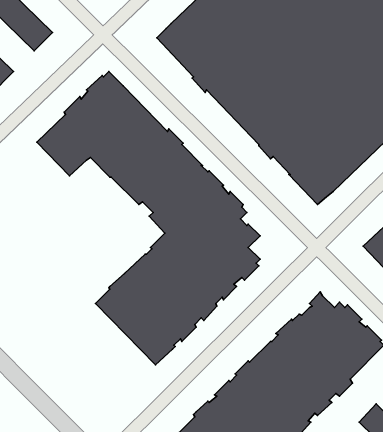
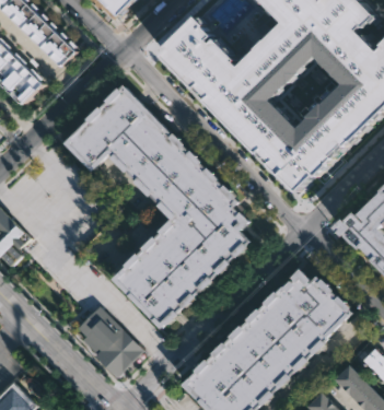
building: none -> [74,305,142,377]

